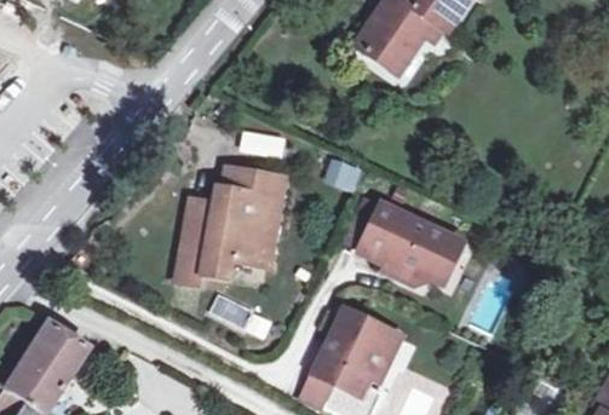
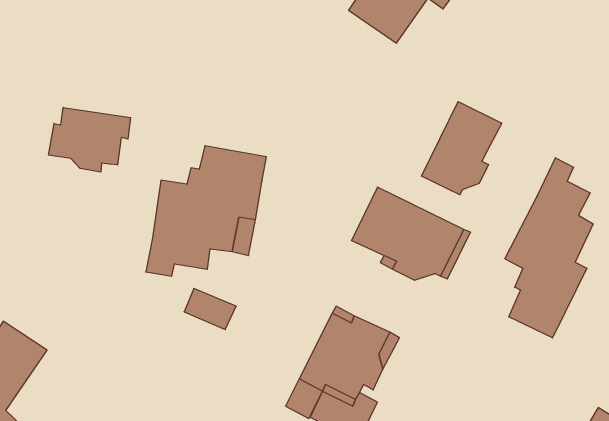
building: none -> [422,102,502,195]
building: none -> [48,107,130,172]
building: none -> [505,158,593,338]

